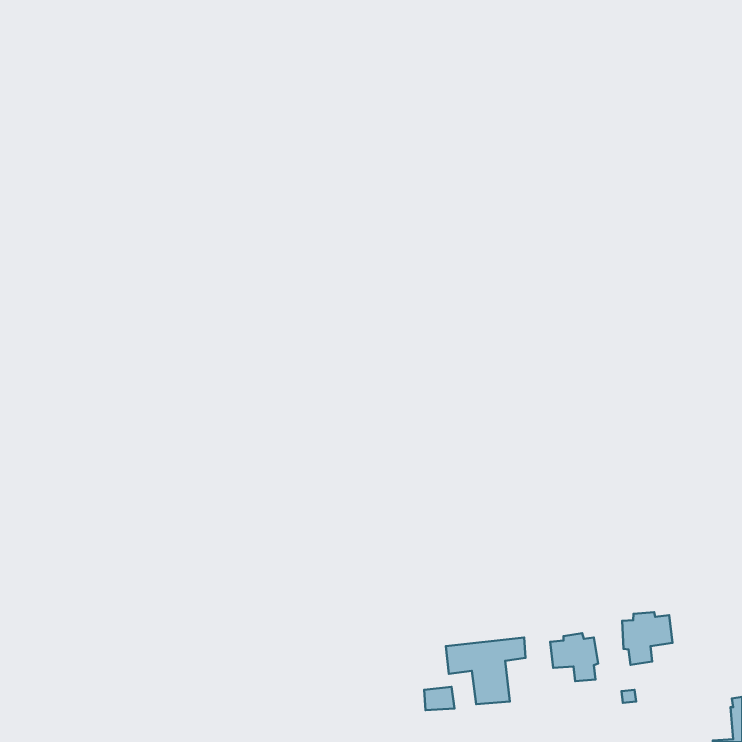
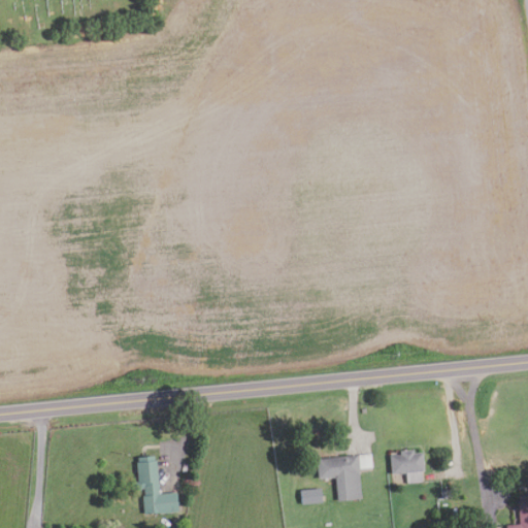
building: [622,612,672,665] -> none
building: none -> [131,456,178,515]

